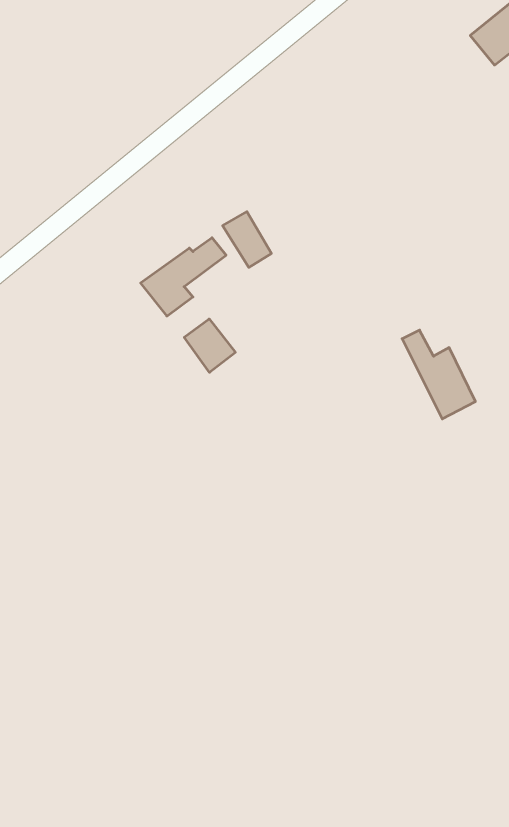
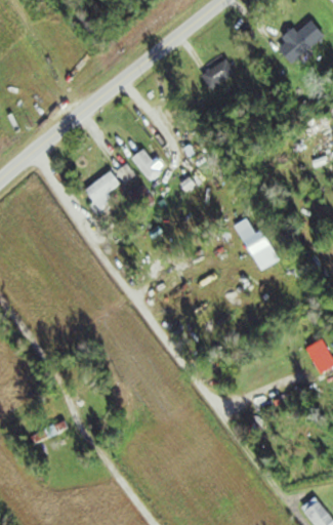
building: none -> [201,60,235,89]
building: [184,319,235,372] -> none

